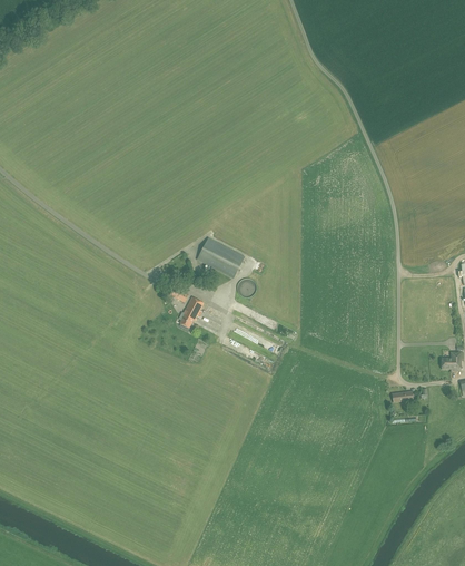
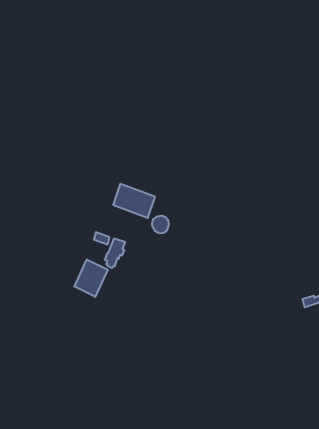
building: none -> [74,259,108,297]

